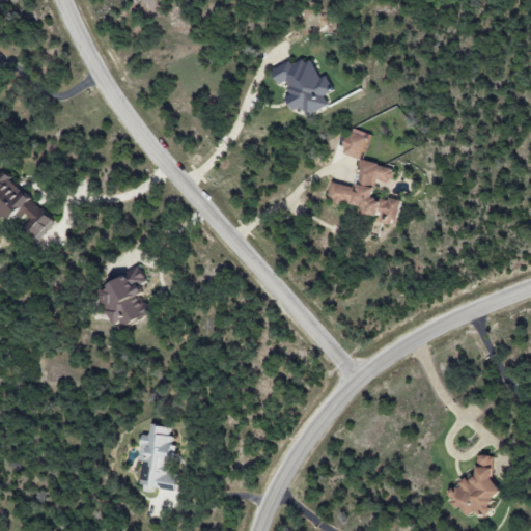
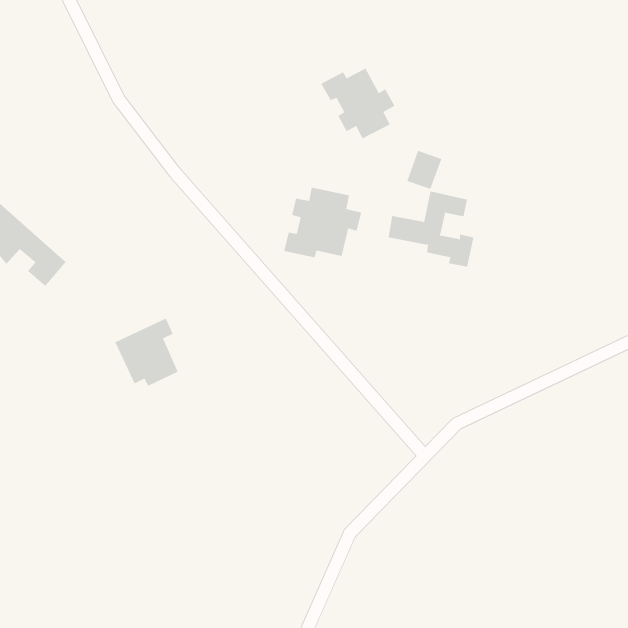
building: none -> [284,187,362,258]
building: [137,423,177,490] -> none
building: [448,454,498,516] -> none

